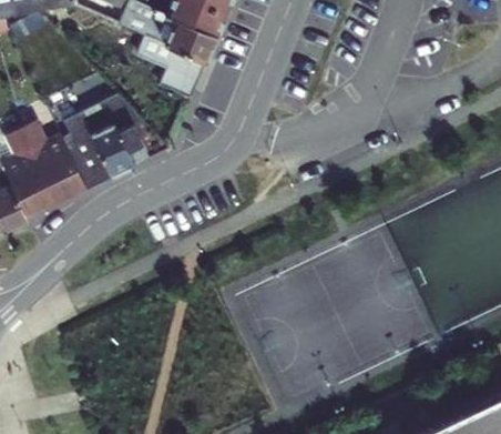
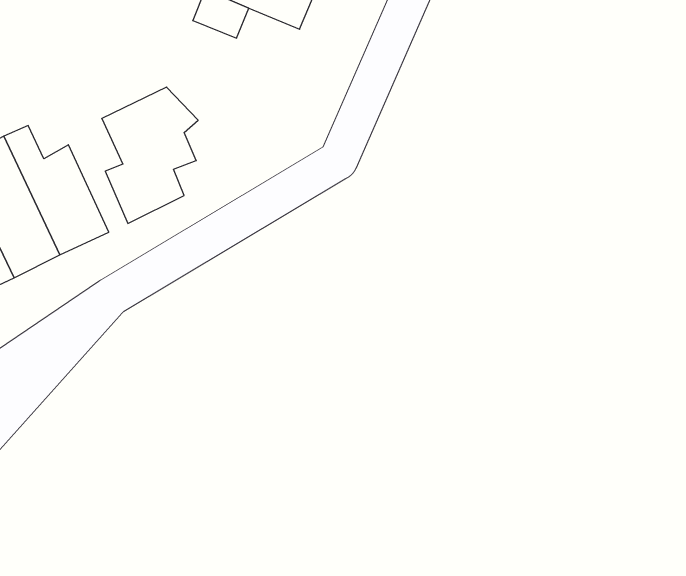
building: [159,49,206,100] -> none

